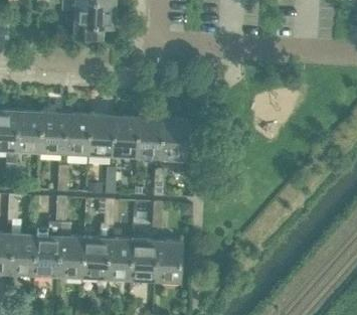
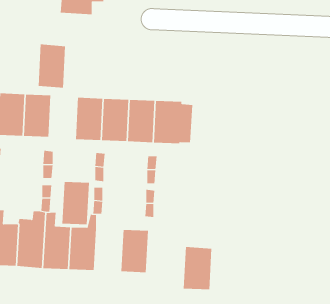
building: [62,115,88,156] -> [38,44,66,88]
building: [105,239,131,279] -> [62,181,90,225]
building: [153,241,180,281] -> [183,246,212,290]

